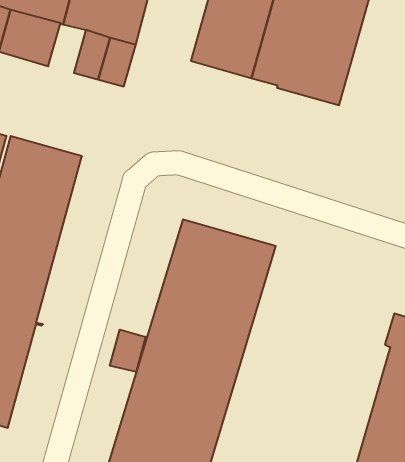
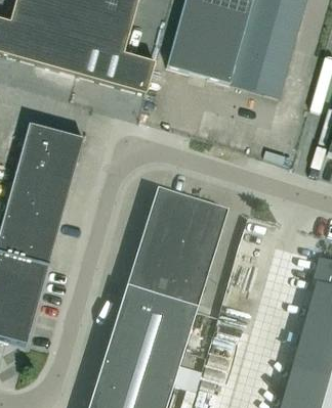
building: none -> [56,36,85,74]
building: none -> [114,52,154,92]
building: [110,330,146,372] -> none

